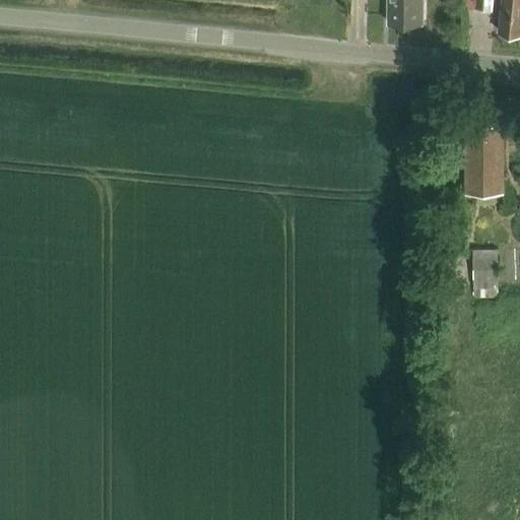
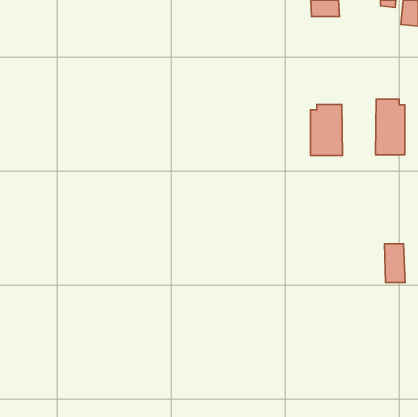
building: none -> [311,105,343,156]
building: [474,250,500,298] -> [385,244,405,282]

